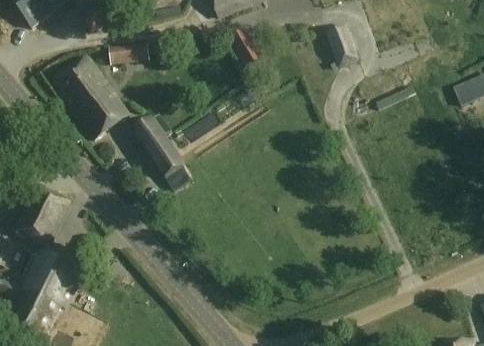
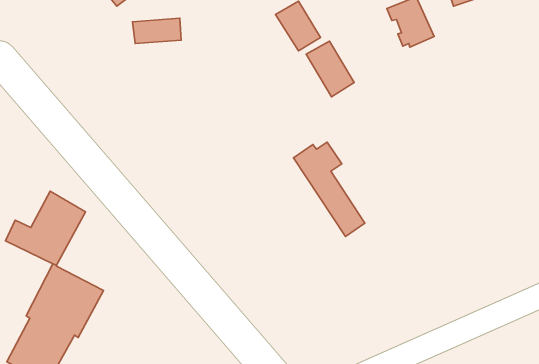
building: [57,55,130,138] -> none
building: none -> [306,41,354,97]
building: [132,113,191,191] -> [293,142,365,236]

